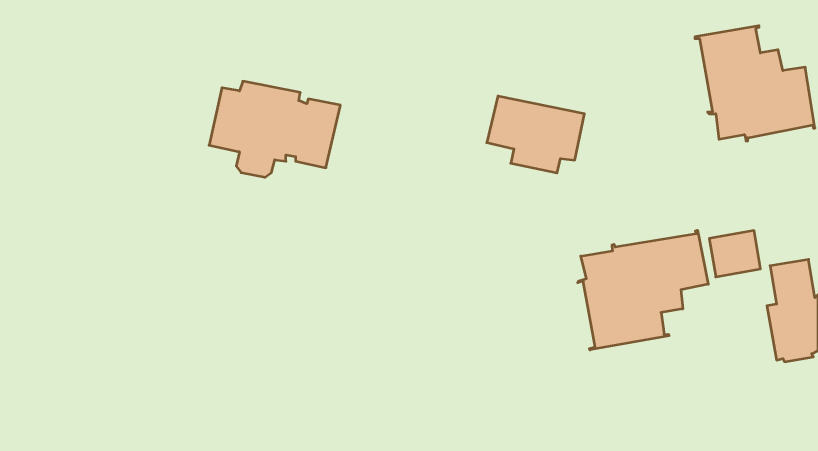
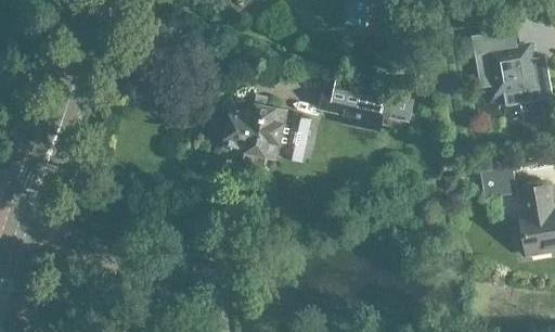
building: [209,81,340,177] -> [223,103,312,168]
building: [578,230,708,350] -> none

